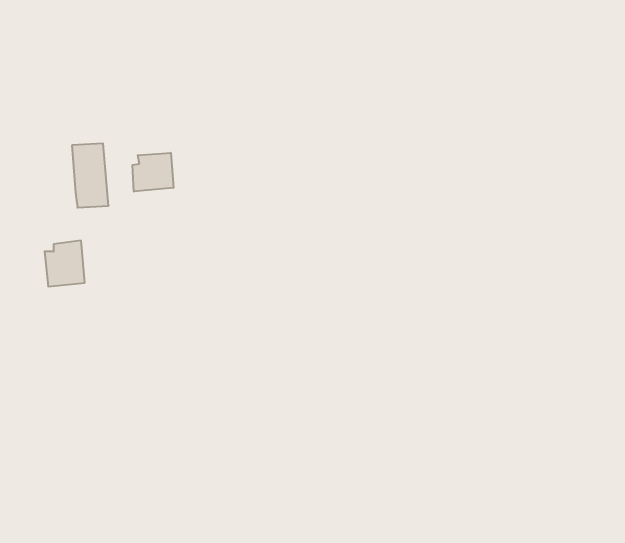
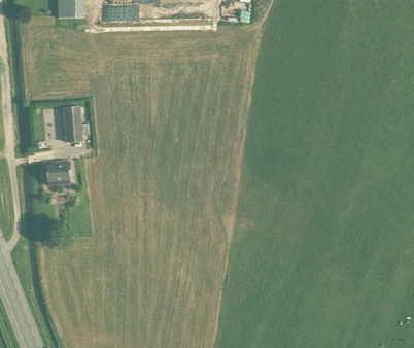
building: [133,153,173,192] -> none

